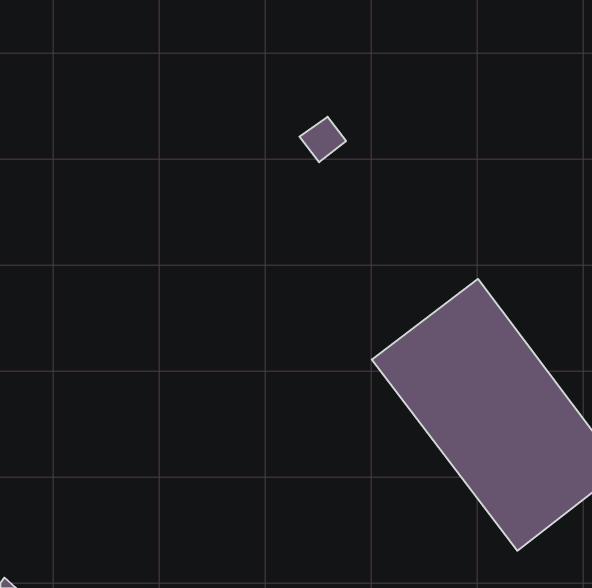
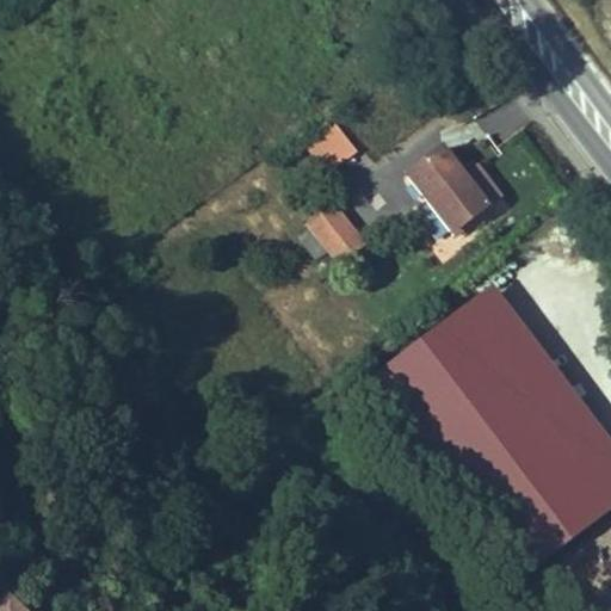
building: none -> [411,142,501,229]
building: none -> [313,198,366,255]

